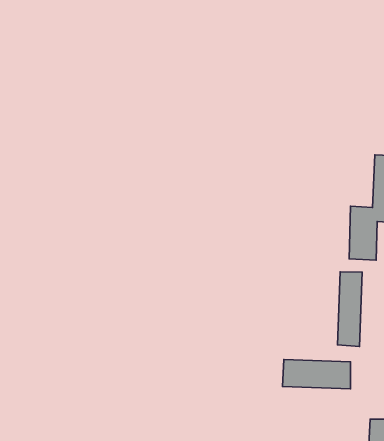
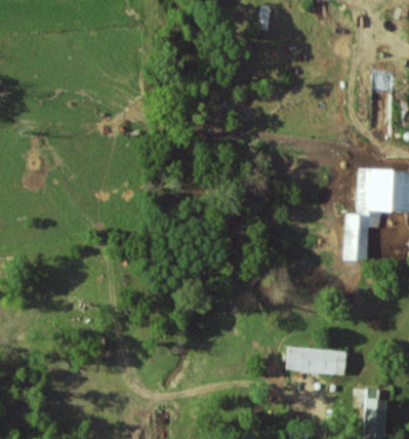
building: [338,272,362,347] -> none

